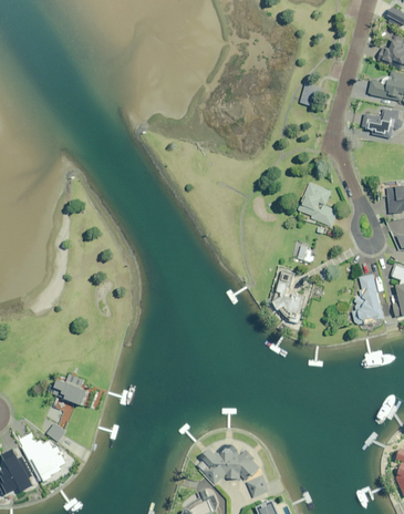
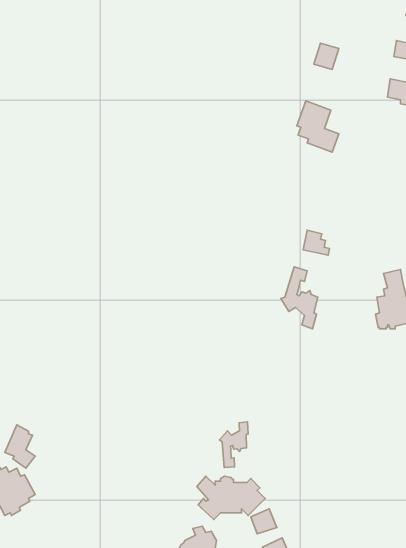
building: [302,183,338,226] -> [297,101,339,152]
building: [53,373,87,404] -> none
building: none -> [219,422,248,467]

